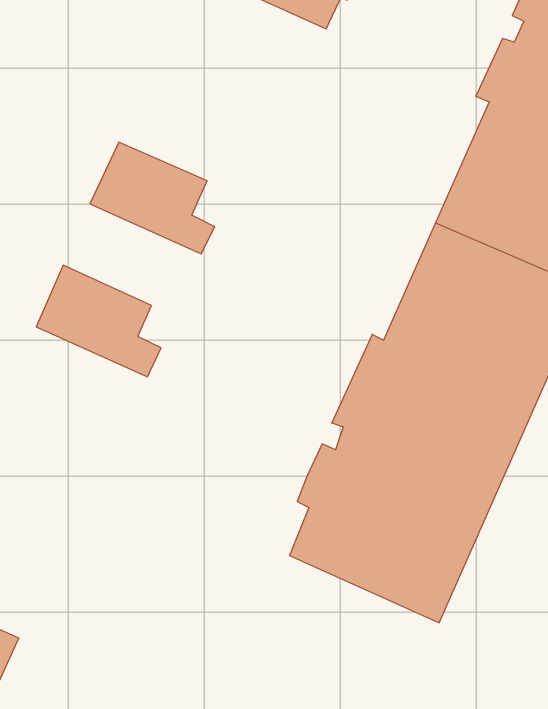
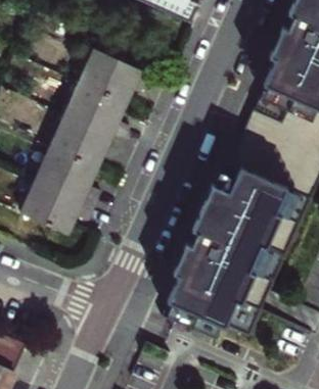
building: none -> [78,46,151,100]
building: none -> [48,112,122,166]
building: none -> [19,178,93,231]

